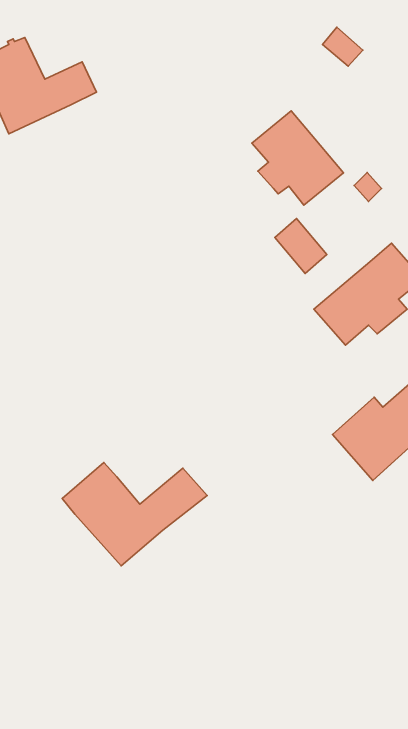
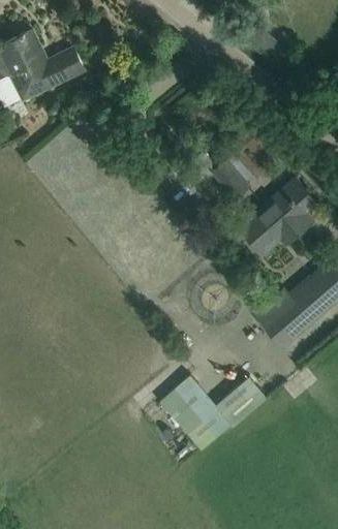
building: [252,111,343,205] -> none
building: [62,462,207,566] -> [160,375,265,449]

